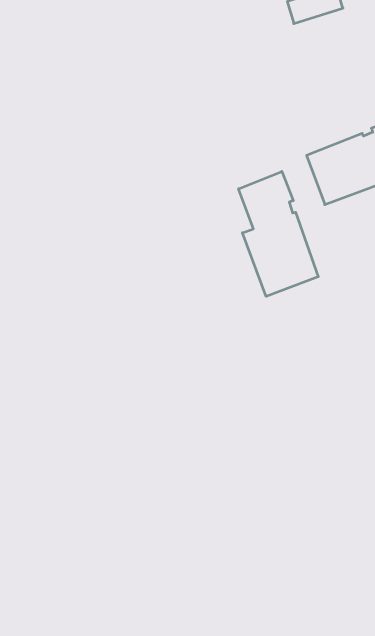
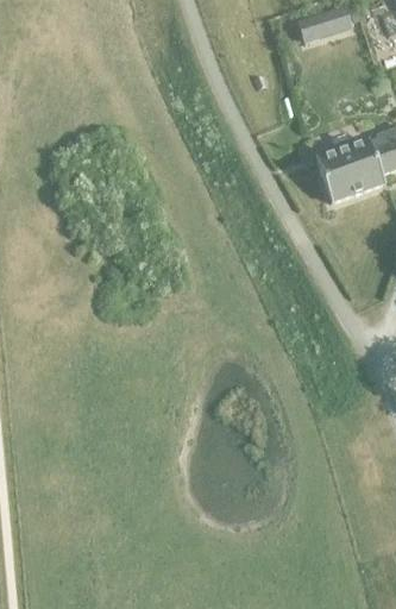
building: [239,171,318,296] -> none

